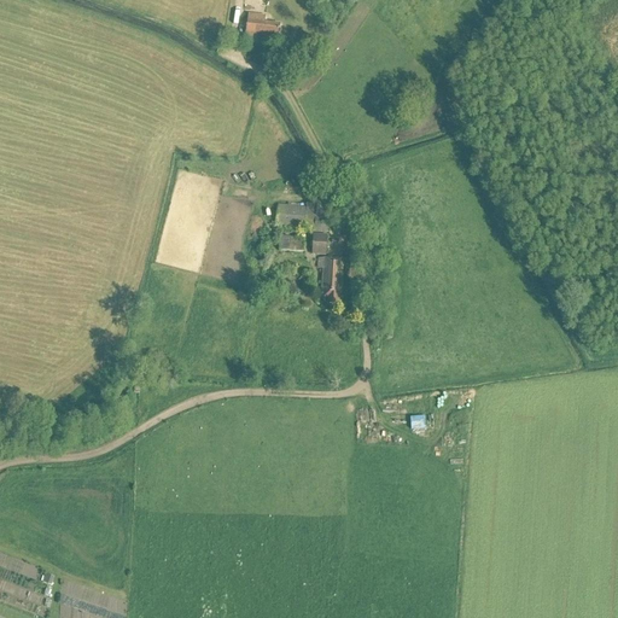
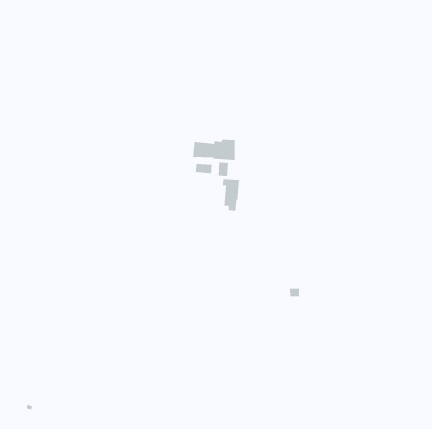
building: [243,11,278,36] -> none

